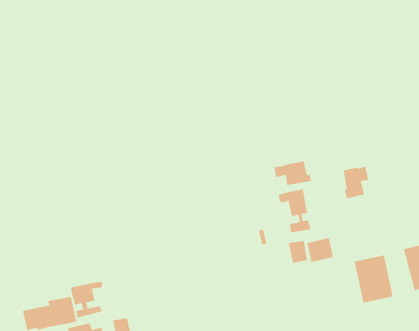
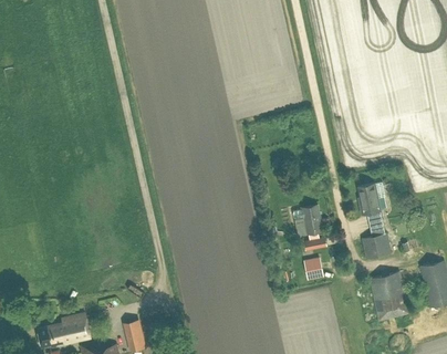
building: [274,161,311,186] -> none
building: [306,237,334,263] -> [363,232,391,258]
building: [70,281,103,318] -> none

